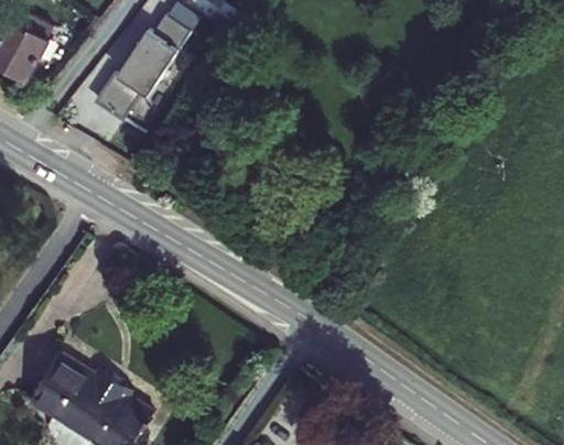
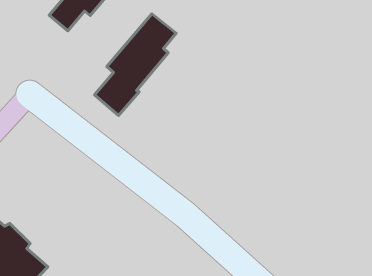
building: none -> [95,14,176,116]

